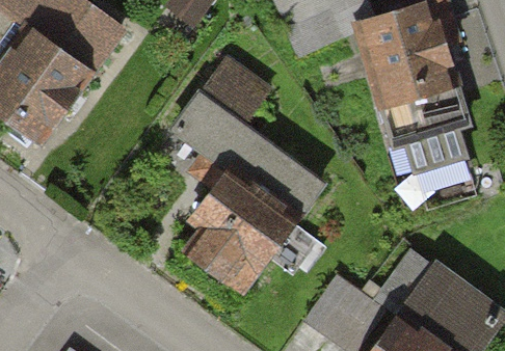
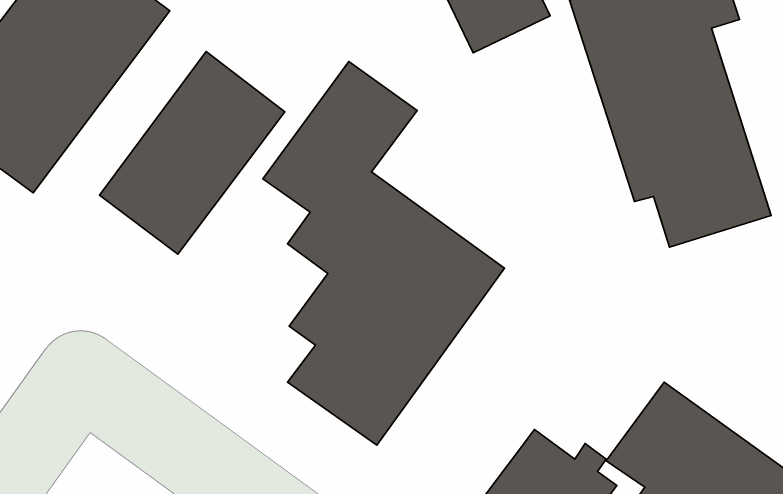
building: none -> [100,52,285,254]

